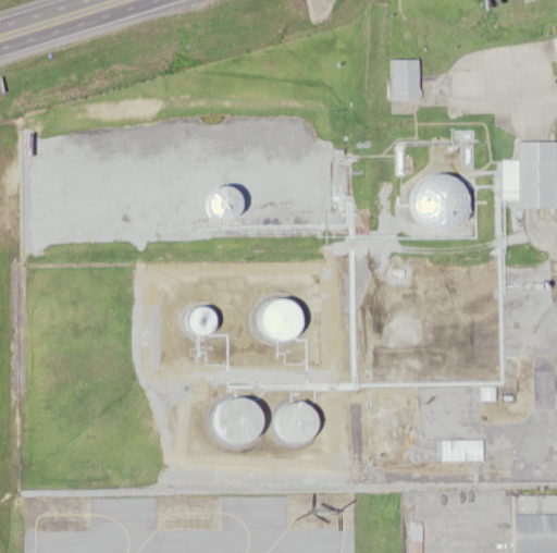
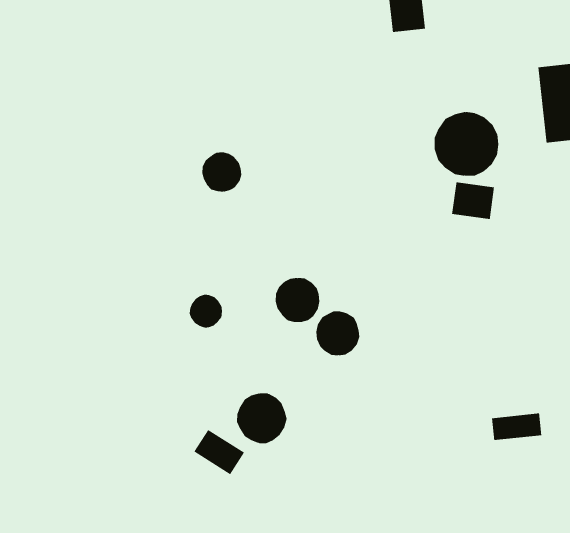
building: none -> [452,182,495,220]
building: [283,403,321,442] -> [316,311,360,356]
building: none -> [194,429,245,475]

